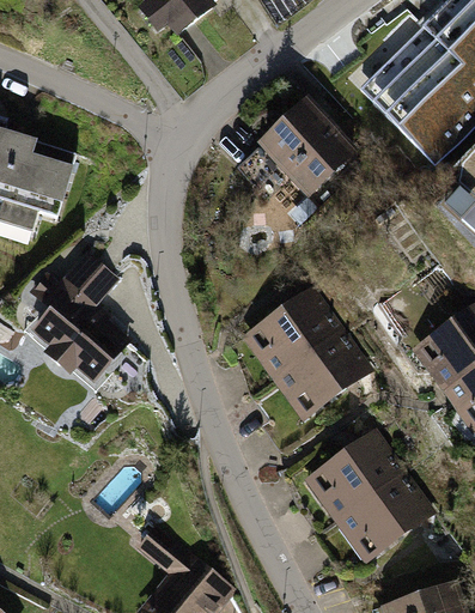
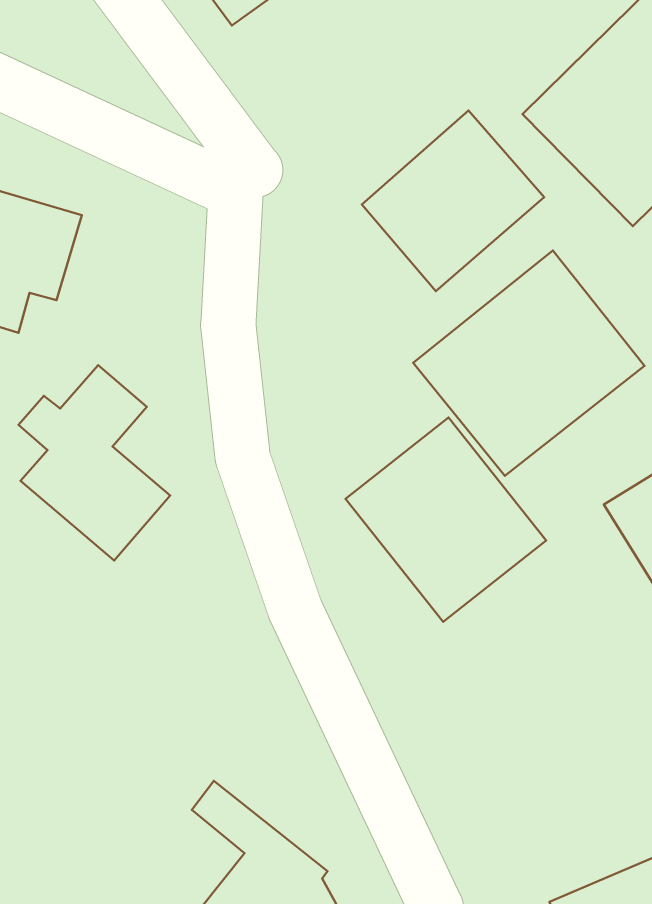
building: none -> [413,250,644,476]
building: [305,429,428,559] -> none

